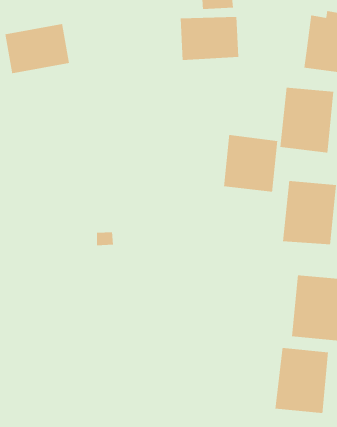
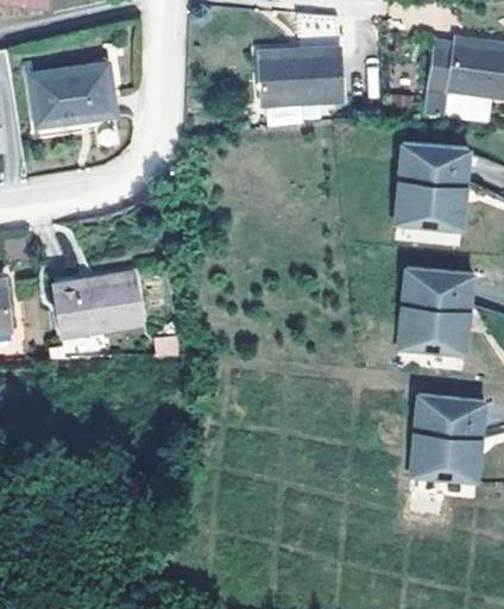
building: [224,134,278,192] -> none
building: none -> [51,266,140,332]
building: [275,347,328,414] -> none

